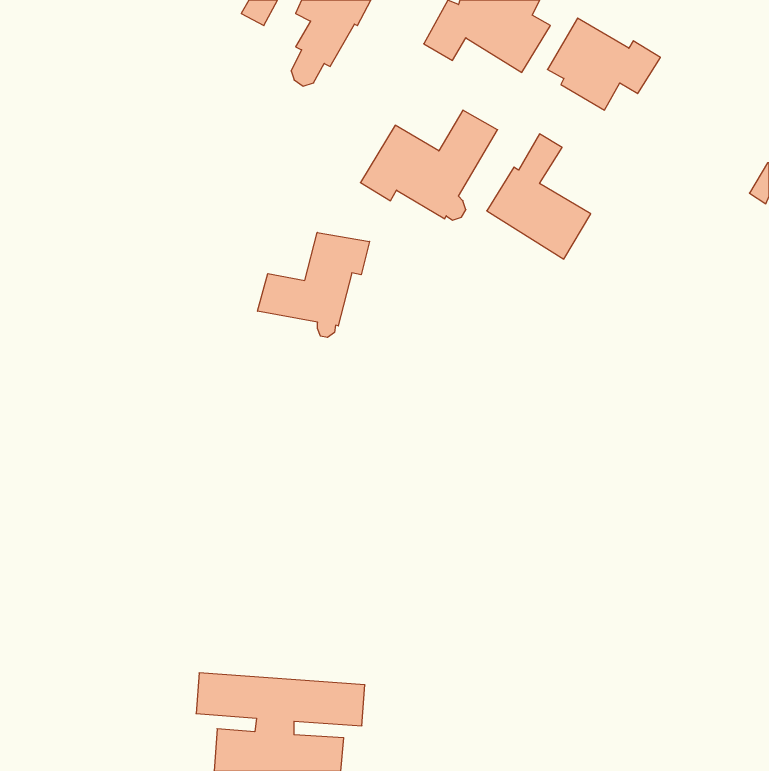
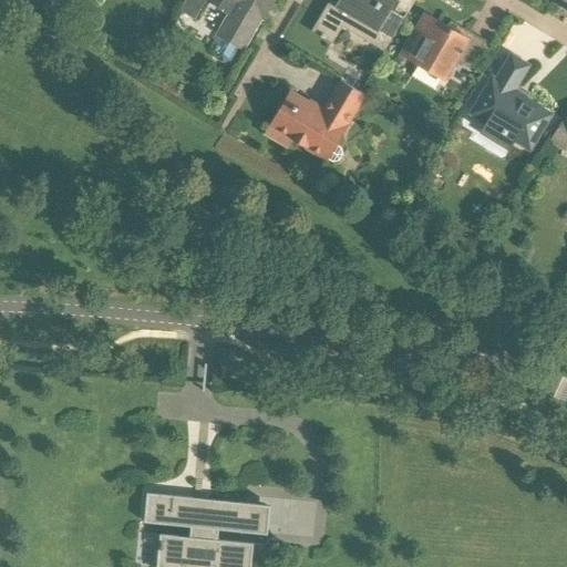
building: [487,134,591,259] -> [472,56,548,148]
building: [258,232,370,337] -> none

